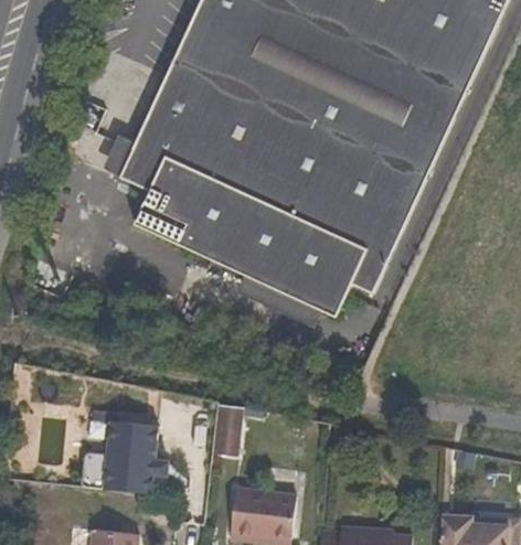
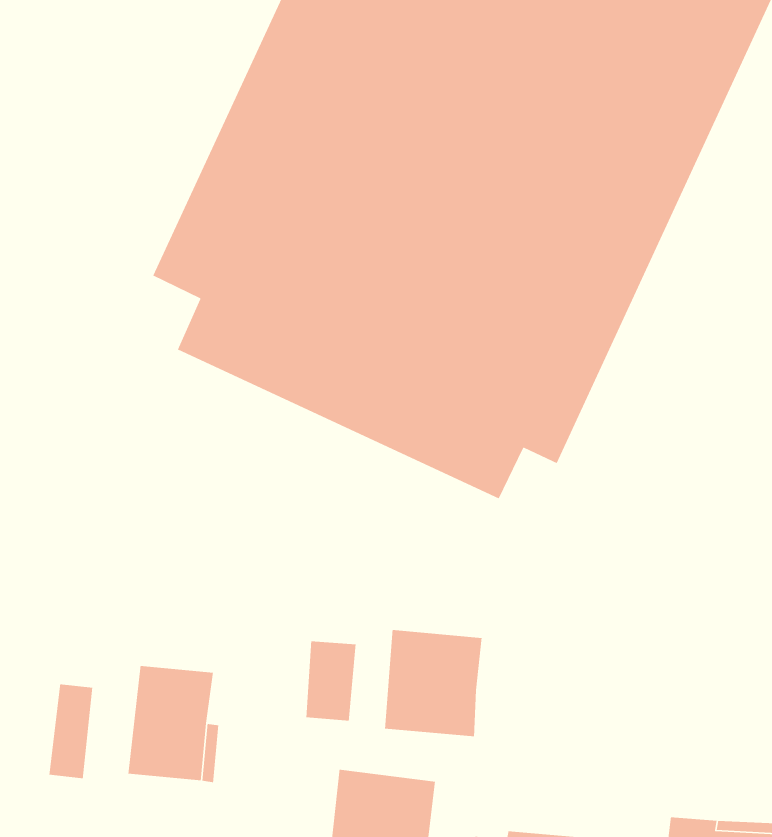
building: none -> [384,629,483,737]
building: none -> [48,683,93,779]

